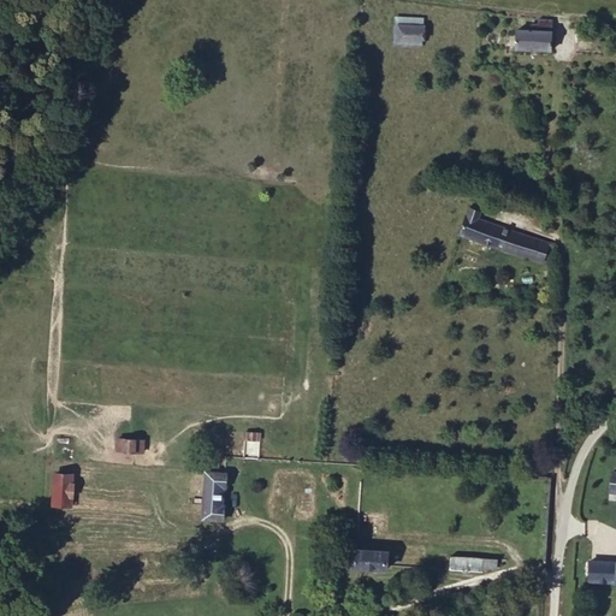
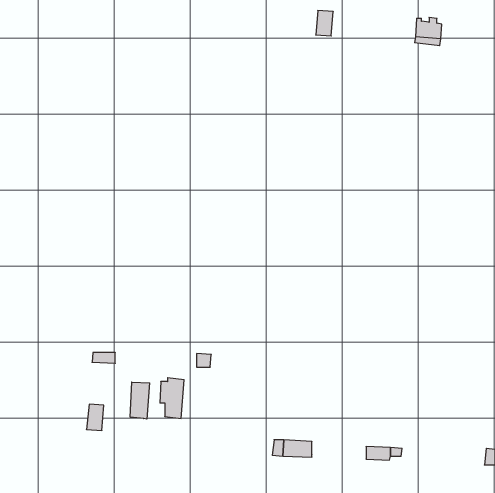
building: [460,207,549,262] -> none
building: [52,473,73,505] -> [86,404,104,430]
building: none -> [130,382,150,419]

